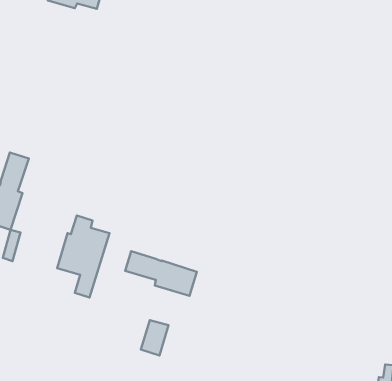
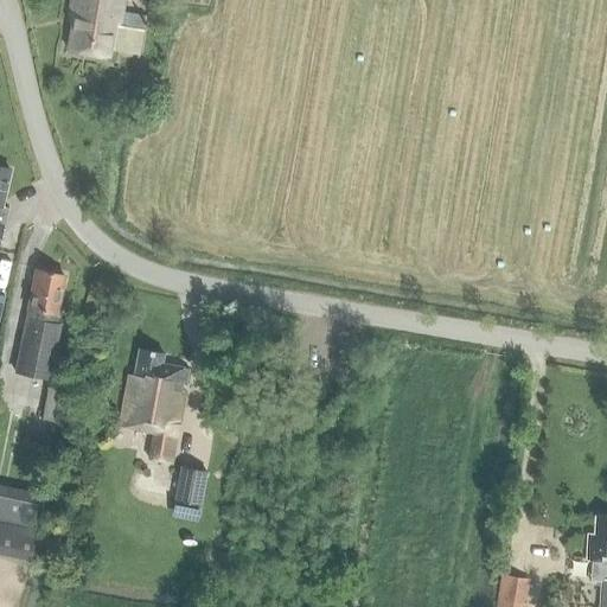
building: [125,251,197,296] -> none
building: [141,320,169,356] -> [171,466,206,515]

